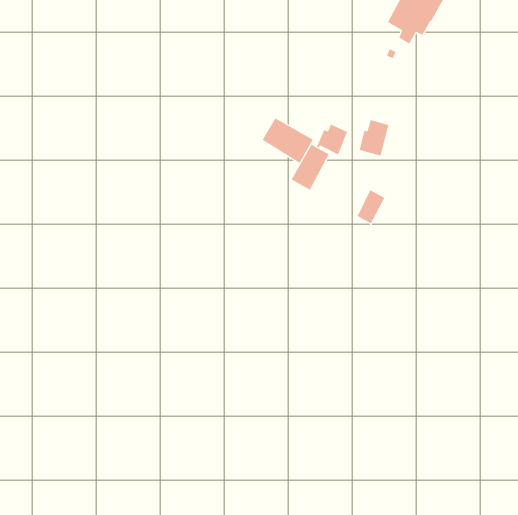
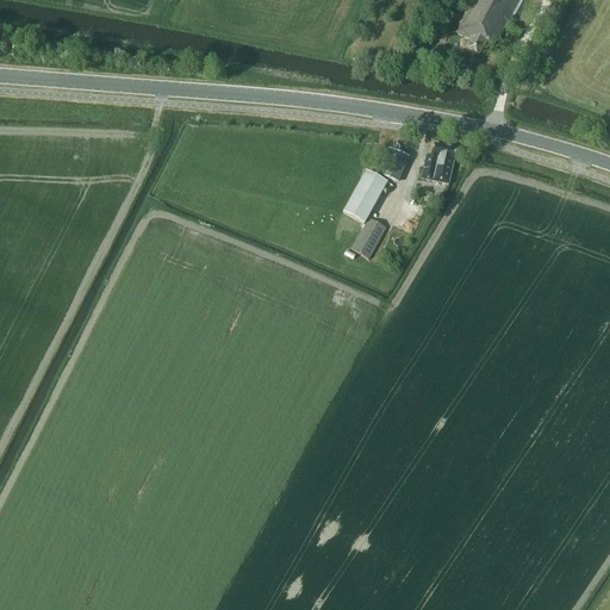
building: [262,117,314,164] -> none
building: [357,190,385,224] -> [353,217,386,257]

